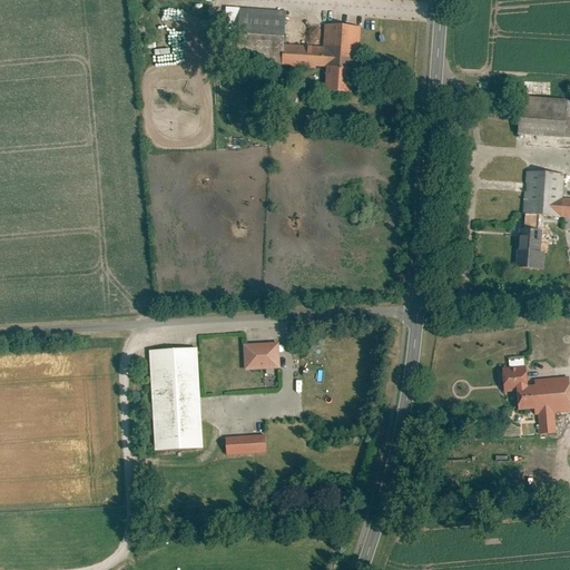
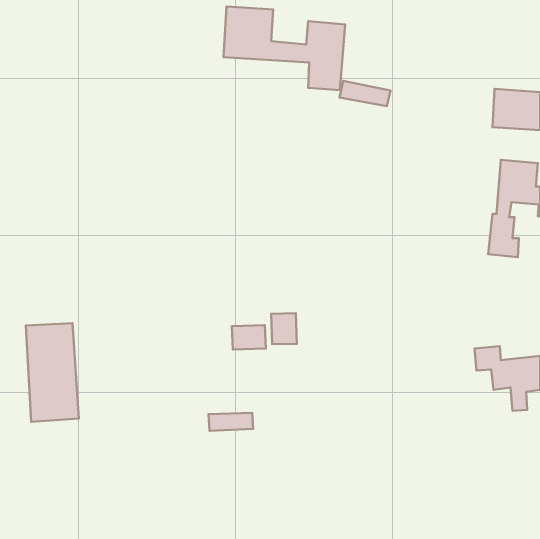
building: none -> [340,81,390,106]
building: none -> [271,313,297,344]
building: [148,346,204,450] -> [26,323,79,422]

